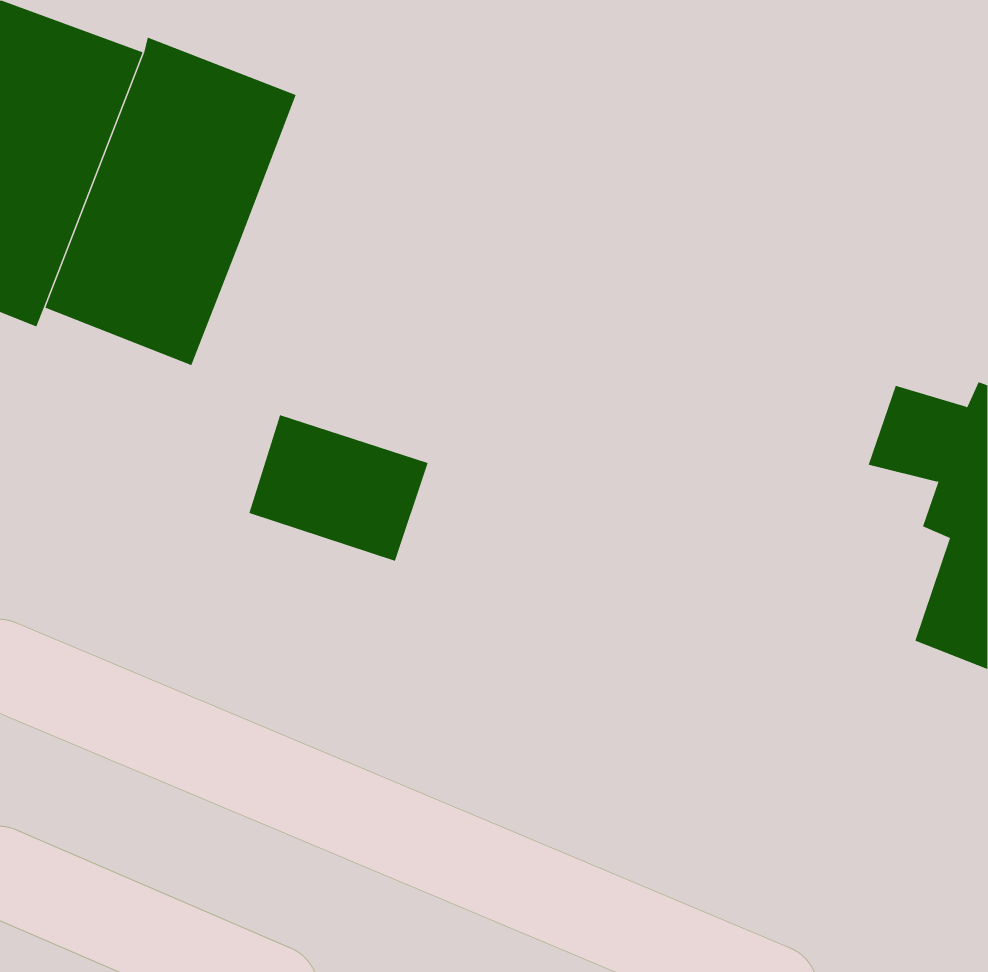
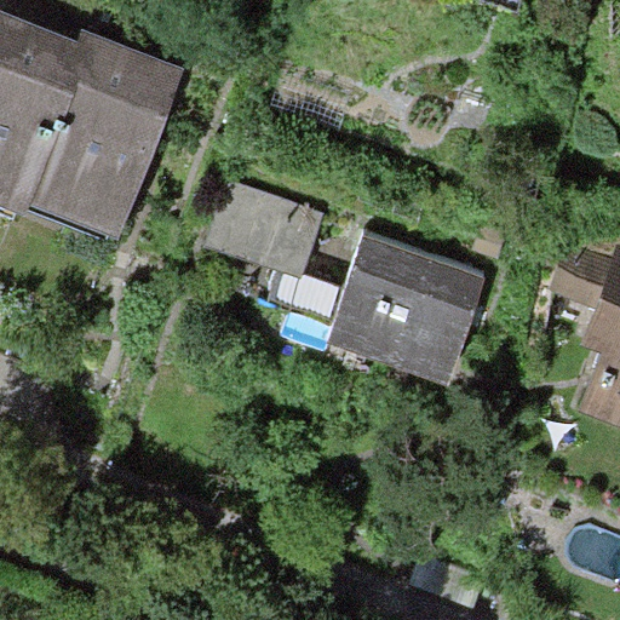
building: none -> [326,223,487,377]
building: [248,414,429,562] -> [211,186,323,279]

